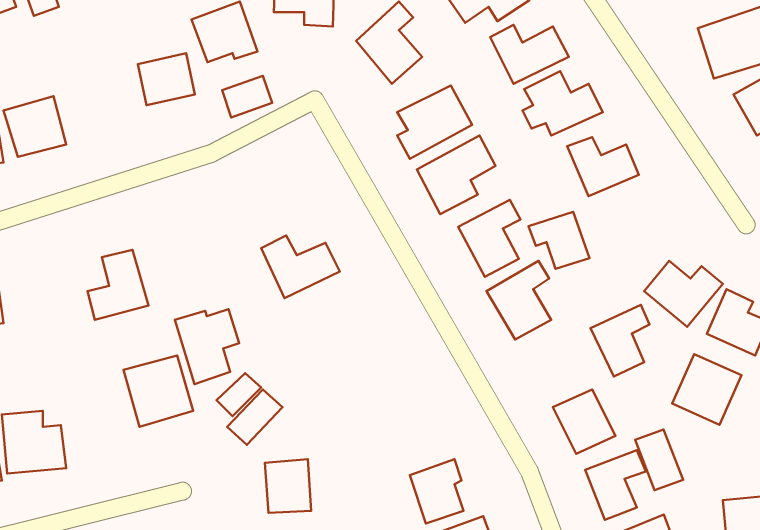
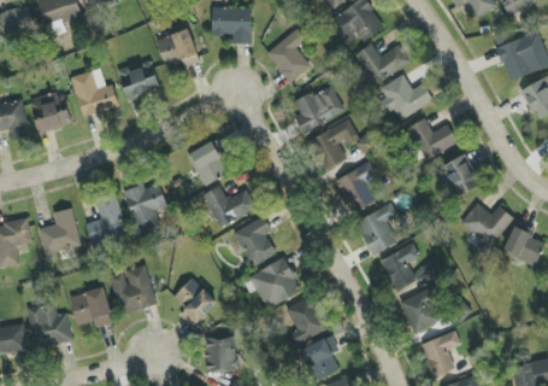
building: none -> [71,68,118,117]
building: [222,76,272,118] -> none
building: none -> [187,141,229,186]
building: [529,212,589,269] -> [436,157,477,195]
building: none -> [39,209,79,256]
building: none -> [232,216,276,267]
building: [591,305,650,376] -> [378,244,418,292]
building: [175,309,239,384] -> [123,183,166,234]
building: none -> [248,257,301,310]
building: [672,354,742,425] -> none
building: none -> [70,288,112,327]
building: none -> [284,296,326,347]
building: [635,430,683,490] -> none

